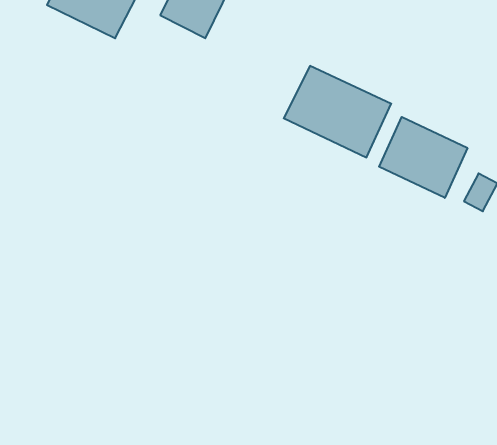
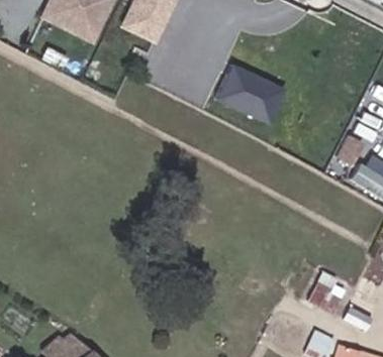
building: [379,117,467,198] -> none

